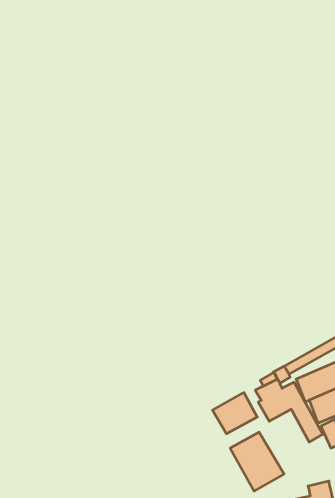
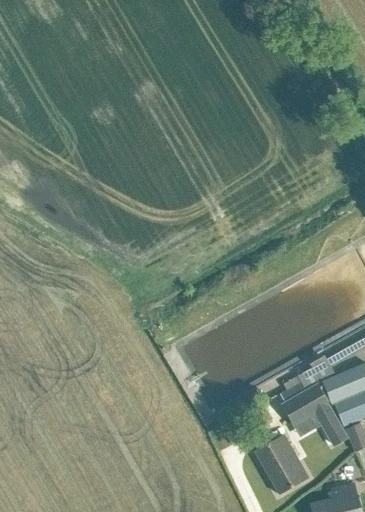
building: [213,393,257,434] -> none

